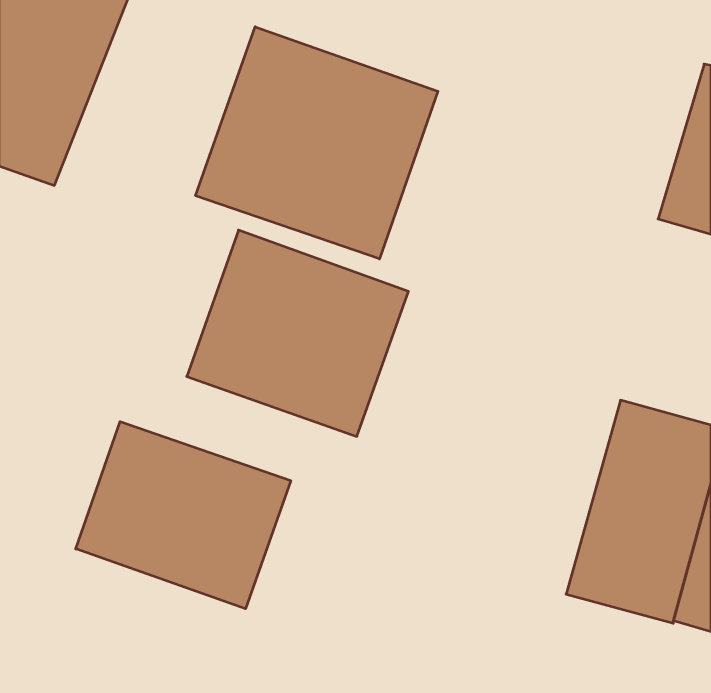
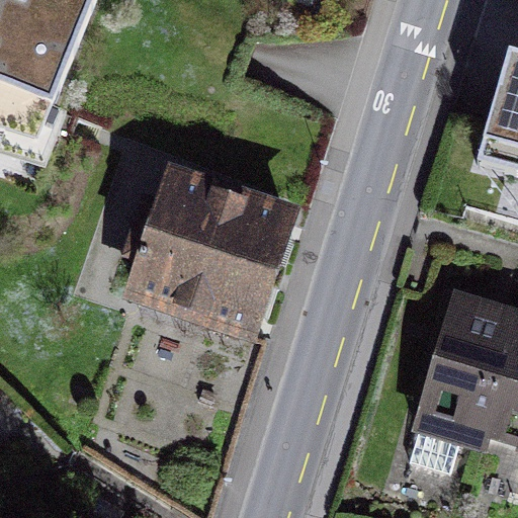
building: [196,27,438,259] -> none
building: [76,422,291,609] -> none

